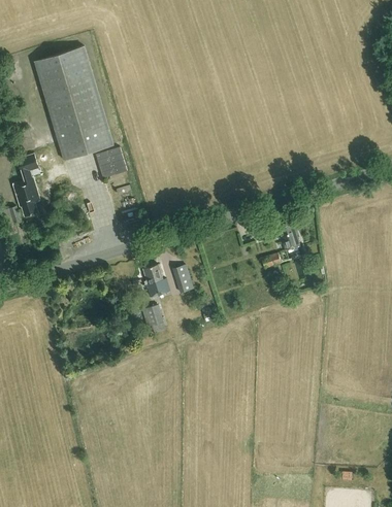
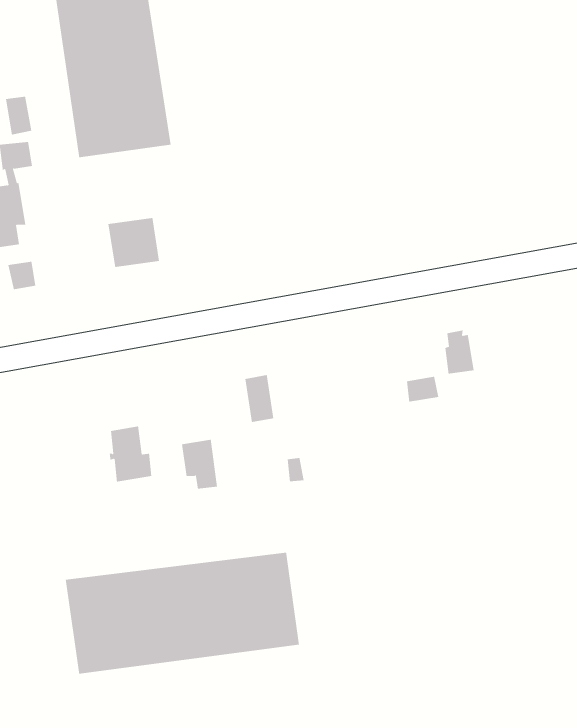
building: [95,147,127,178] -> [108,217,160,268]
building: [142,264,169,297] -> [109,426,152,482]
building: none -> [65,552,299,674]

